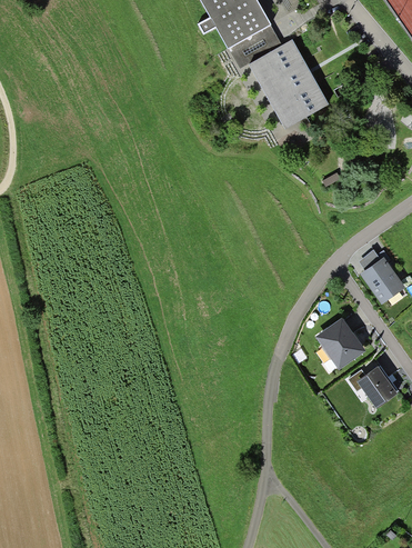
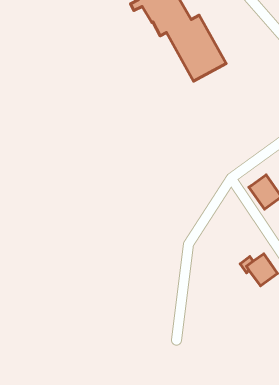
building: [315,318,366,370] -> none

